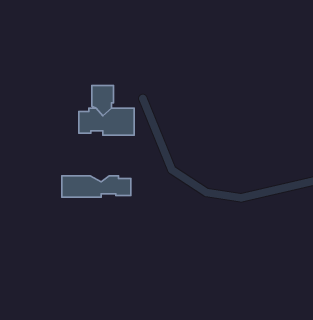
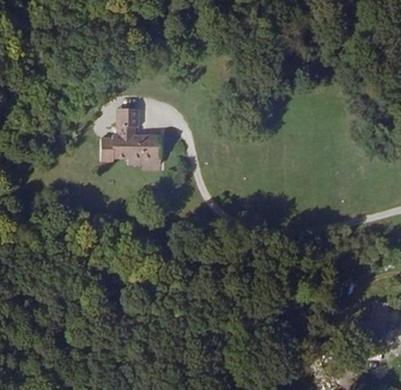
building: [62,176,131,197] -> none

